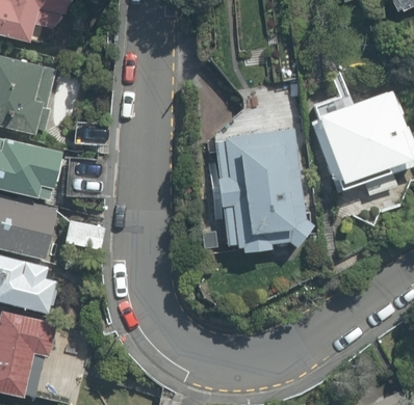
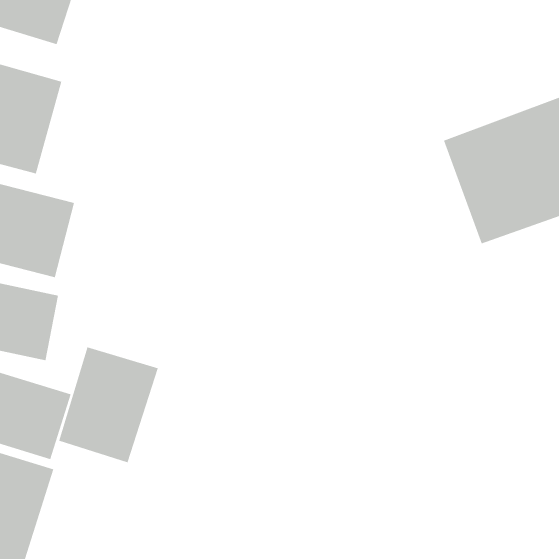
building: [213,125,306,245] -> none
building: none -> [58,346,158,463]

